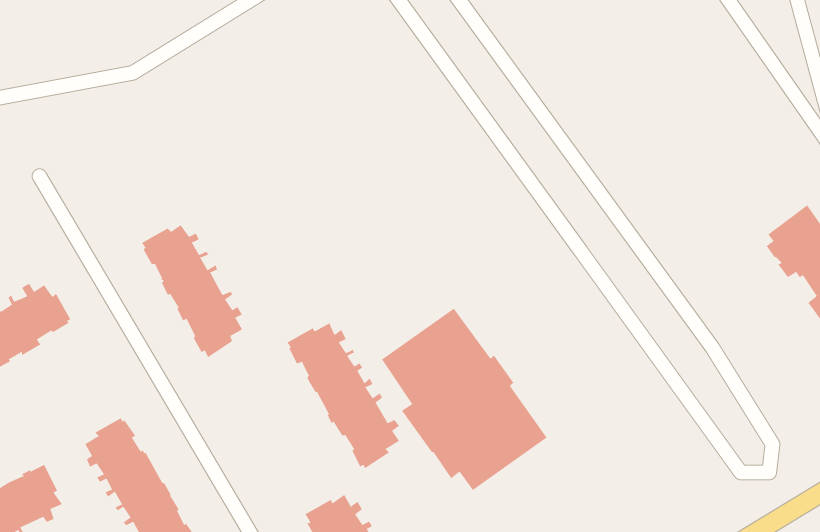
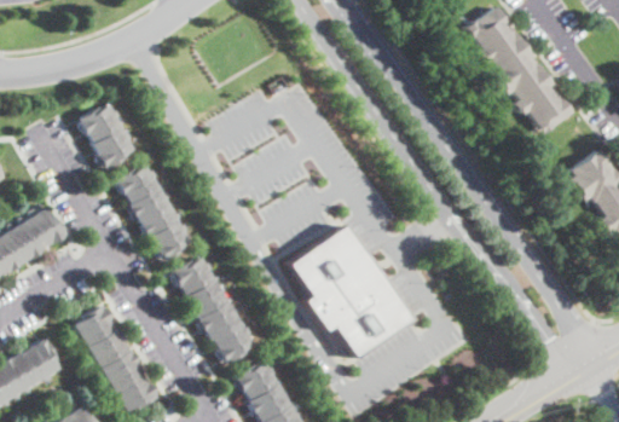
building: none -> [468,7,573,134]
building: none -> [79,104,133,168]
building: [287,322,400,469] -> [170,256,253,363]

